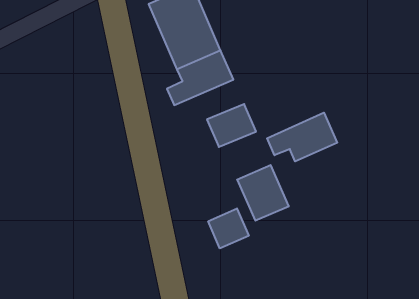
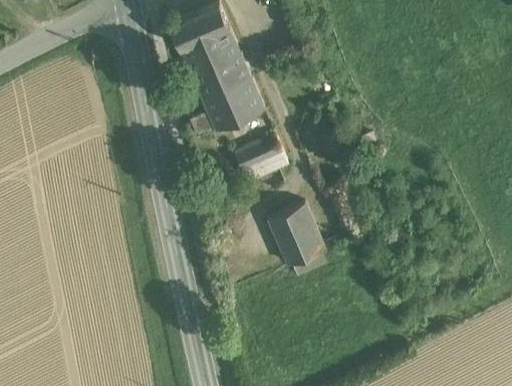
building: [267,113,337,161] -> none
building: [208,208,249,248] -> none

